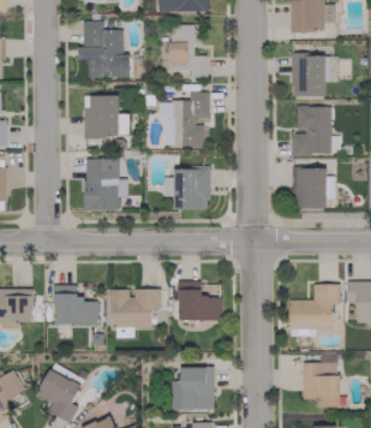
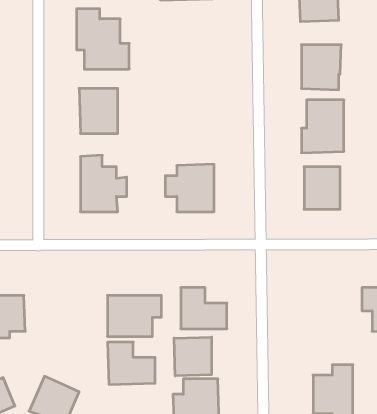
building: [169,24,209,77] -> none
building: [170,91,210,148] -> none
building: [289,284,341,328] -> none
building: [54,285,98,325] -> [108,342,155,384]
building: none -> [174,337,212,376]

